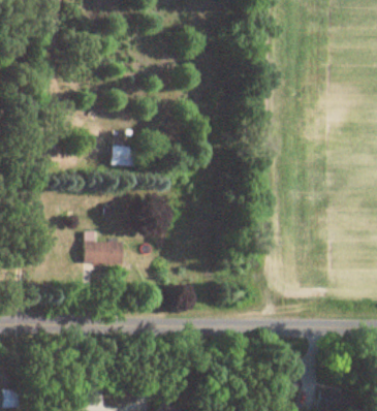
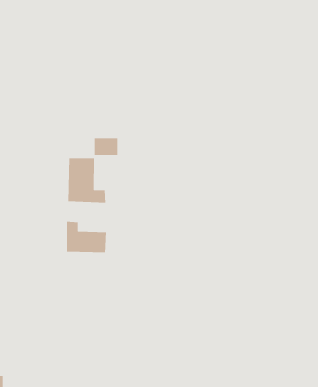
building: none -> [67,158,106,204]

